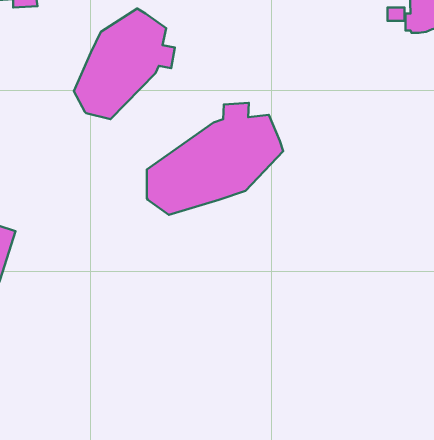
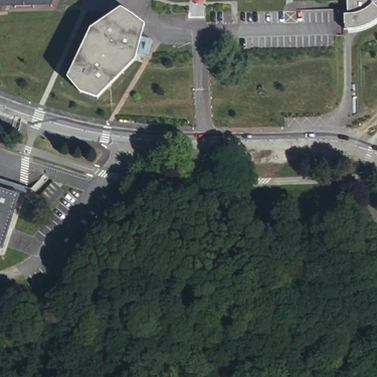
building: [147,103,283,215] -> none

